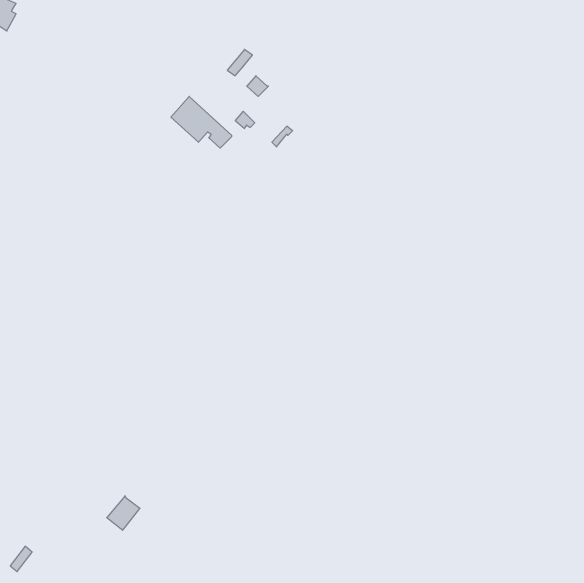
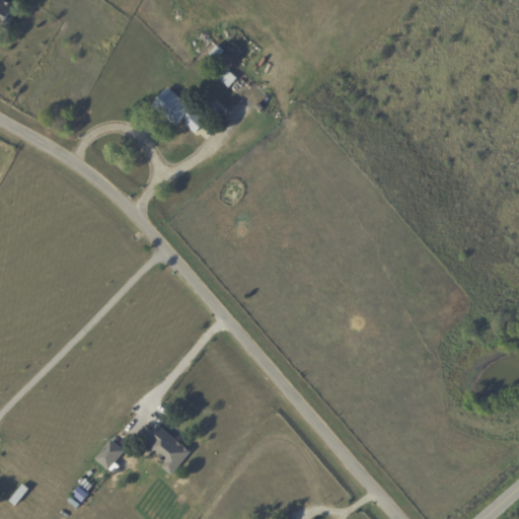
building: none -> [146,423,190,473]

